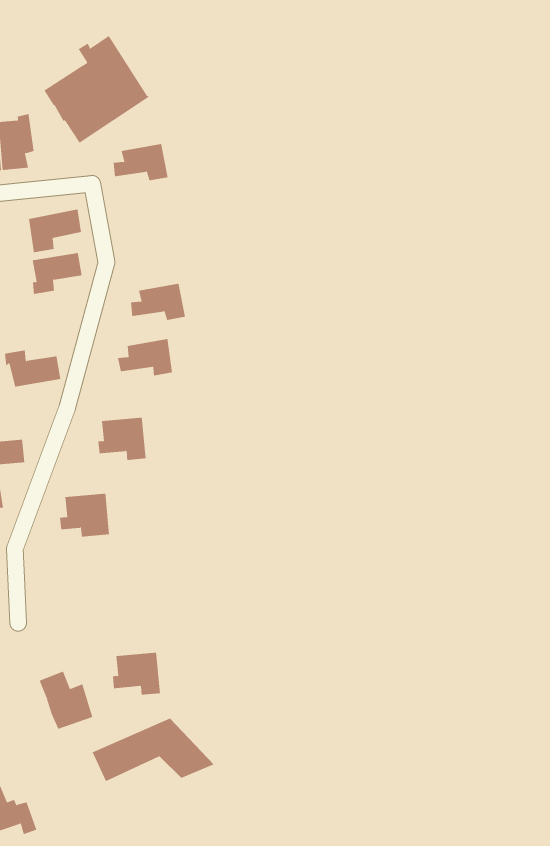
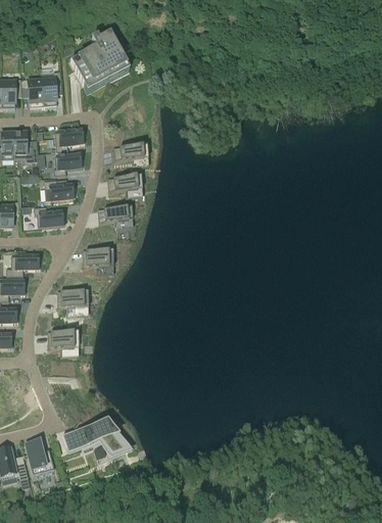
building: [113,143,169,181] -> [113,145,144,165]
building: none -> [44,179,75,199]
building: [112,652,161,695] -> [47,331,74,354]
building: [39,671,93,729] -> [25,440,53,473]

